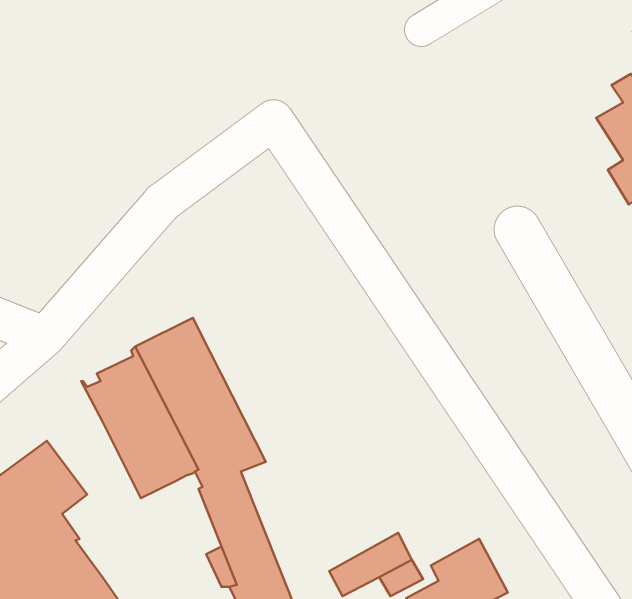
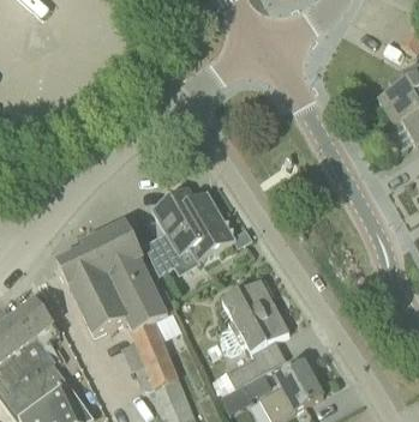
building: none -> [145,186,235,275]
building: none -> [217,278,288,351]

